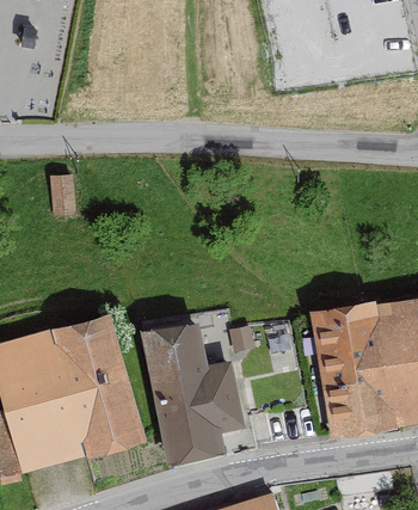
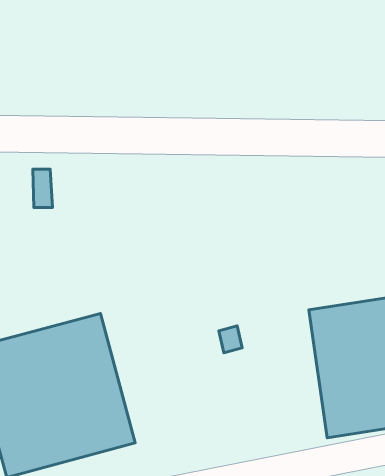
building: [147,325,247,462] -> none

